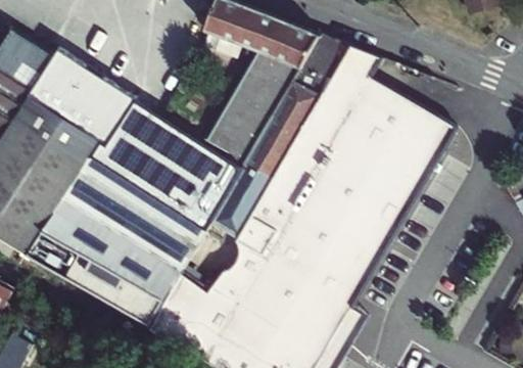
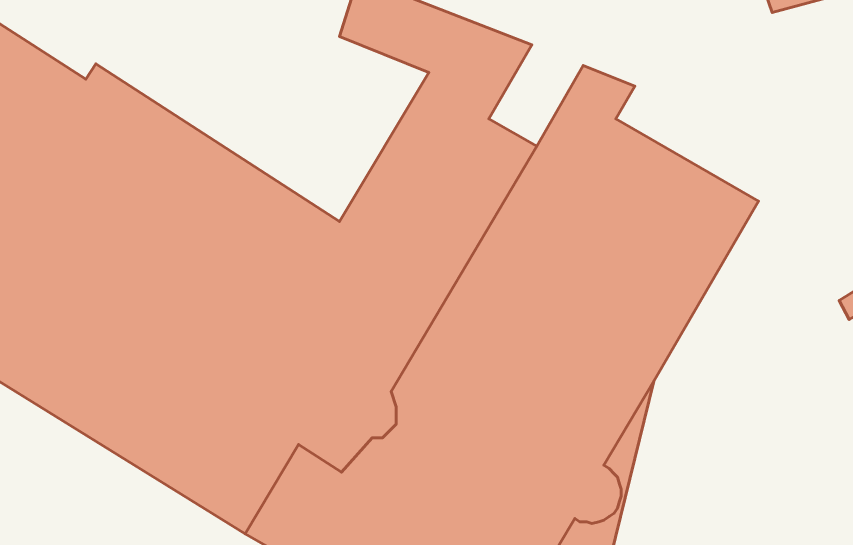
building: [292,36,337,96] -> none

